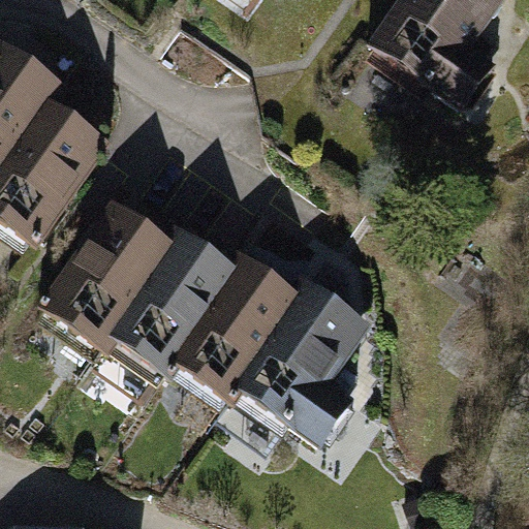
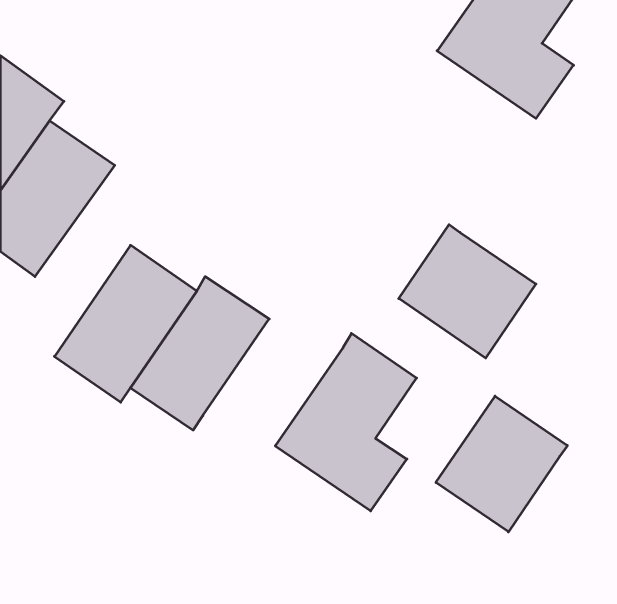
building: none -> [399,225,536,358]
building: [174,260,293,393] -> none
building: none -> [436,396,567,532]

